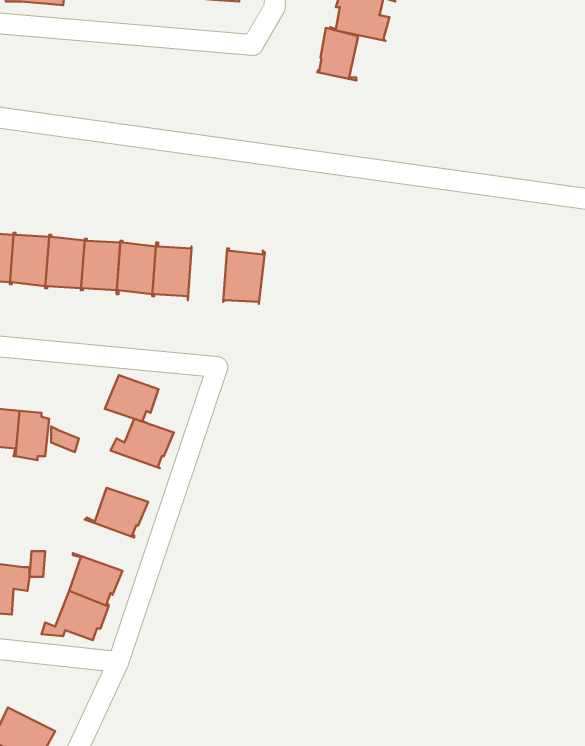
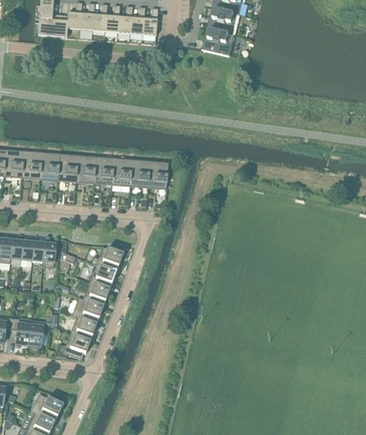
building: [317,28,358,81] -> none
building: none -> [129,159,149,187]
building: [105,375,158,423] -> [88,265,115,289]
building: none -> [71,298,102,324]

